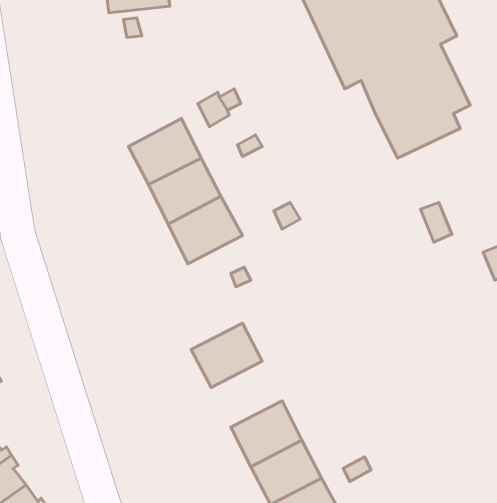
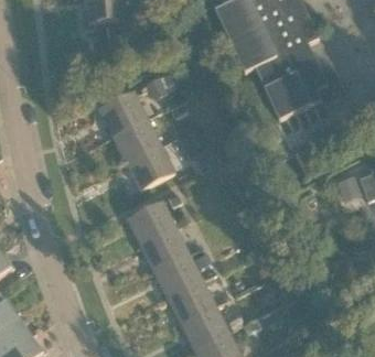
building: none -> [128,202,175,246]
building: none -> [154,253,202,298]

